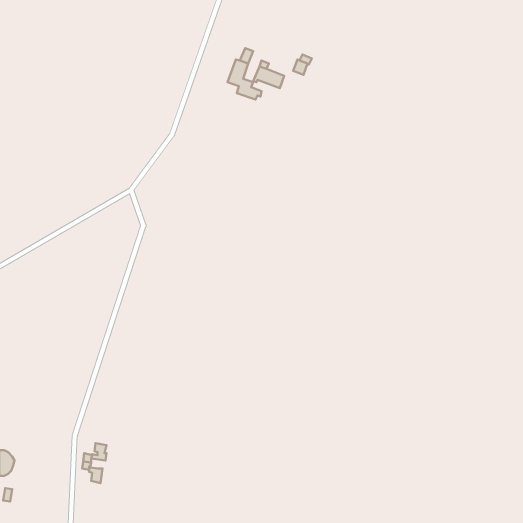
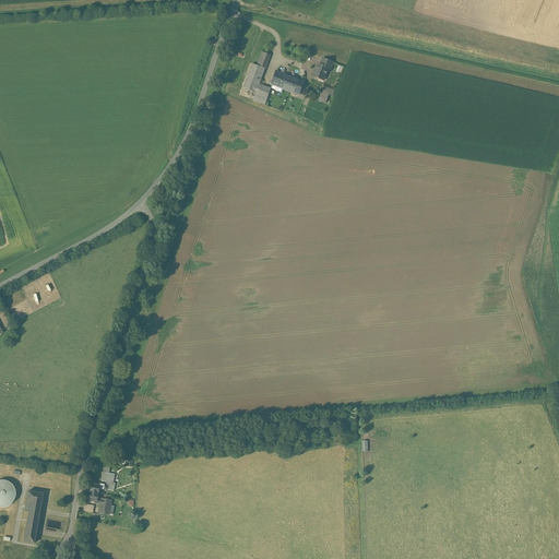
building: none -> [22,490,41,543]

